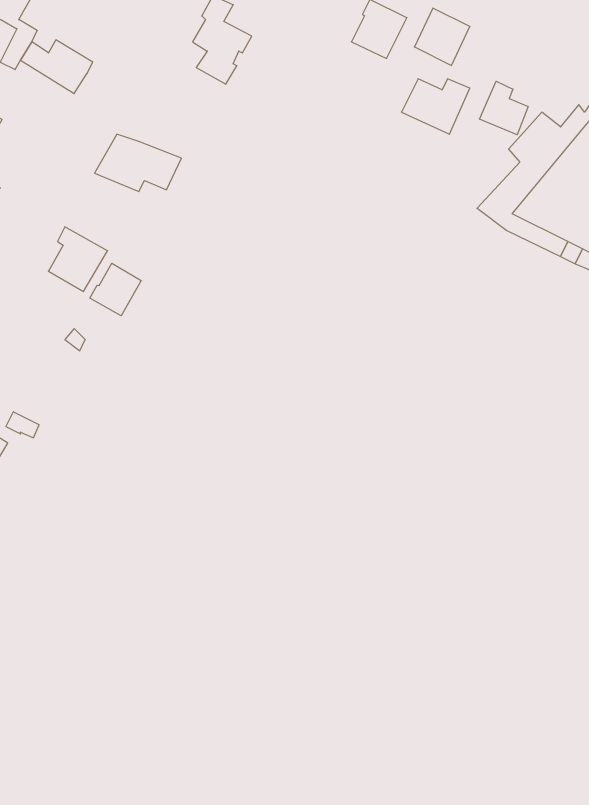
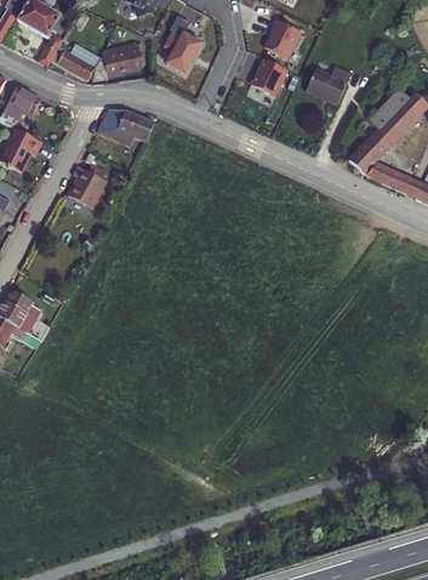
building: [414,8,470,65] -> [250,55,286,92]
building: none -> [102,44,147,73]
building: [480,81,528,135] -> none
building: [90,263,141,316] -> none

